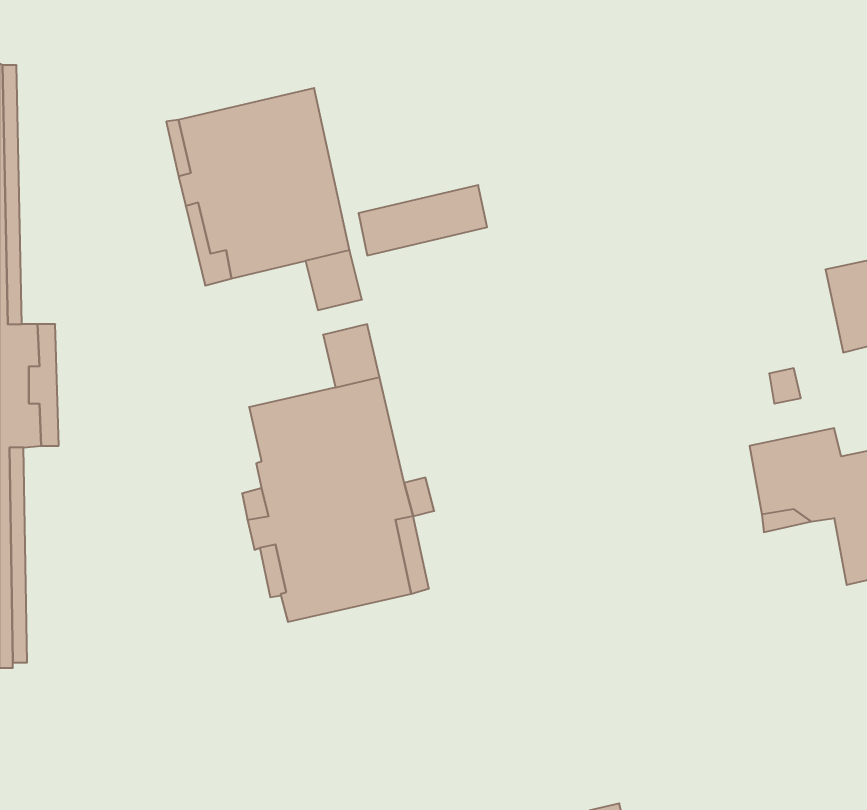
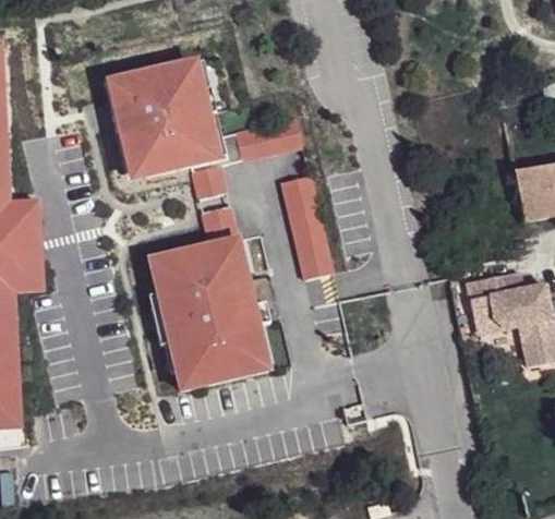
building: none -> [282,174,333,278]

